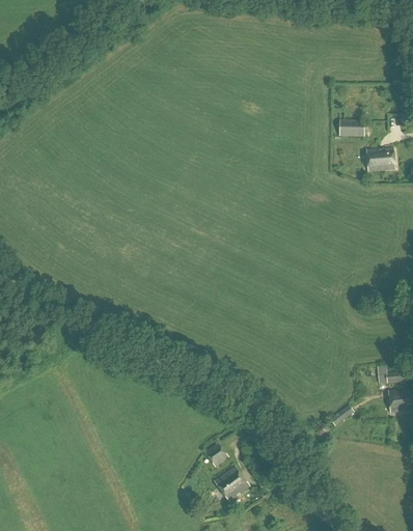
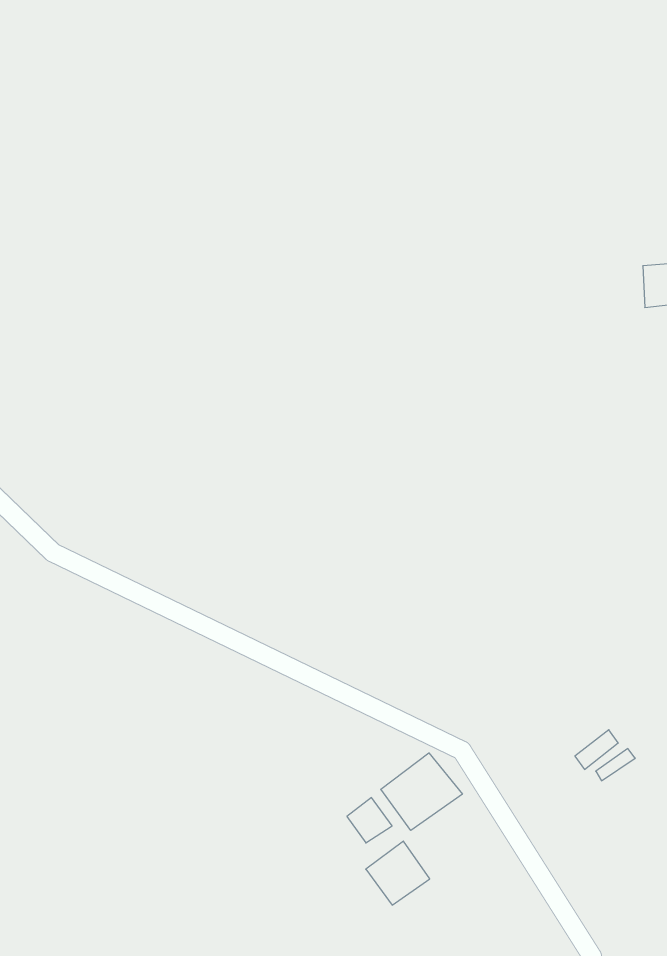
building: [338,119,364,137] -> none
building: none -> [381,753,462,830]

